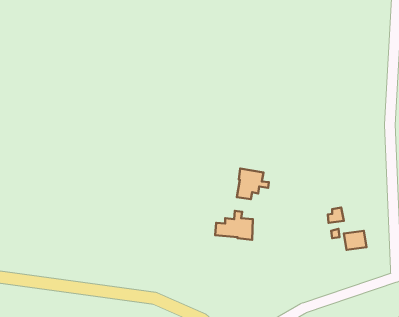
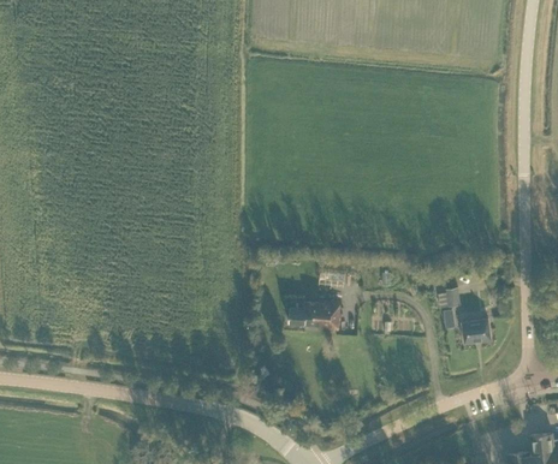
building: [237,168,269,199] -> none

